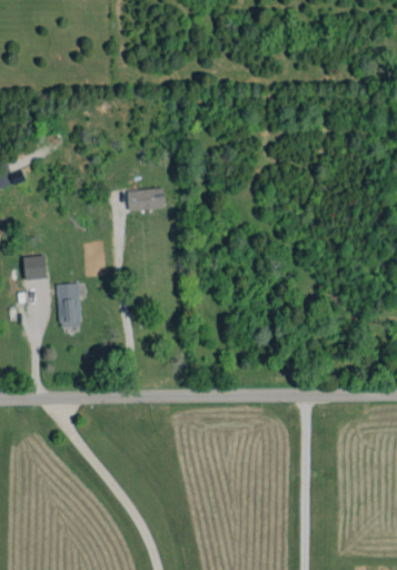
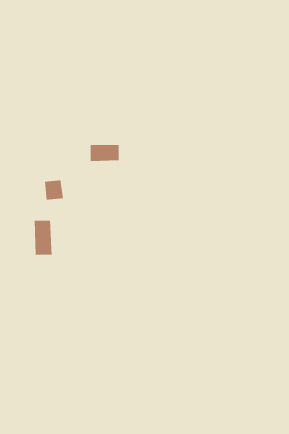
building: [23,255,48,281] -> [44,180,64,200]

